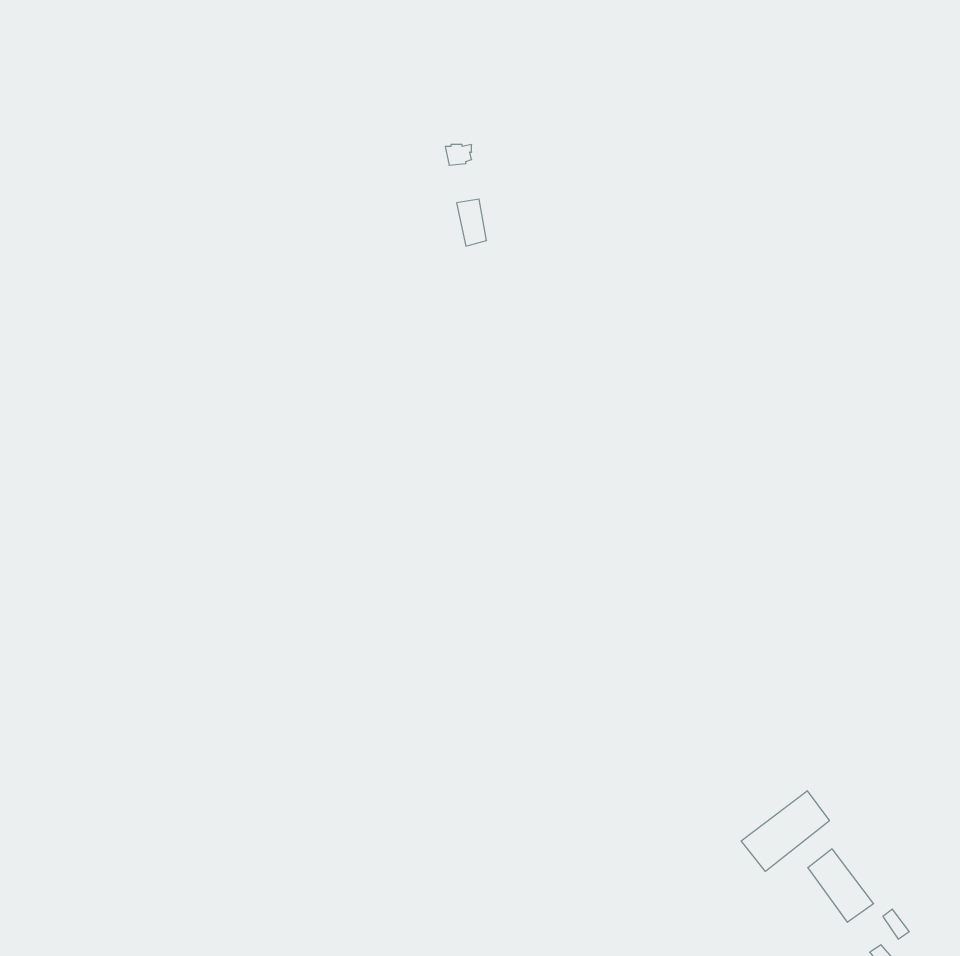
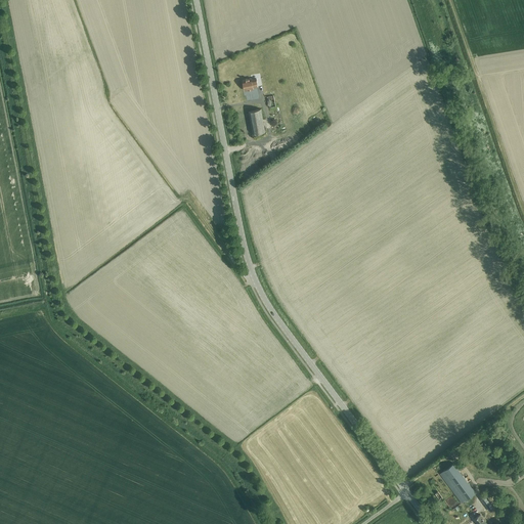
building: [741,791,829,871] -> none

